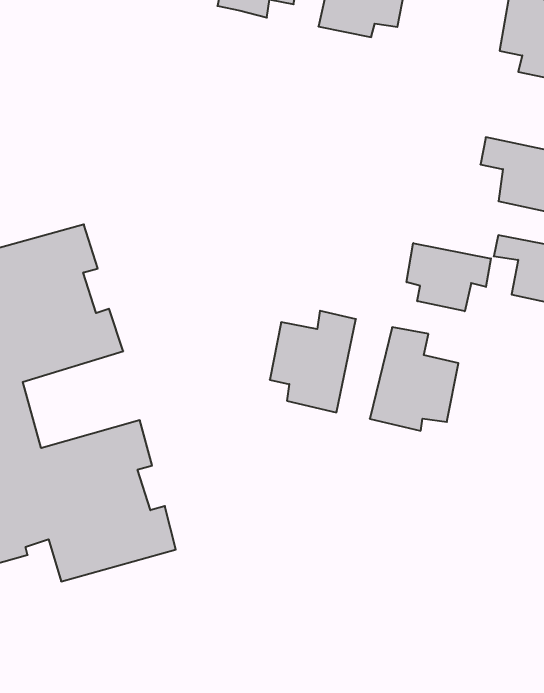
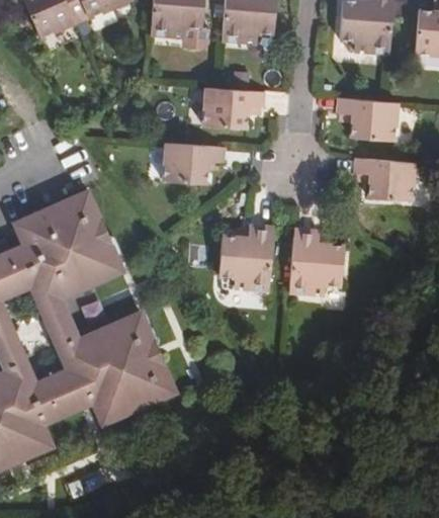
building: none -> [204,85,263,128]
building: none -> [163,143,223,183]
building: [407,243,491,311] -> none

